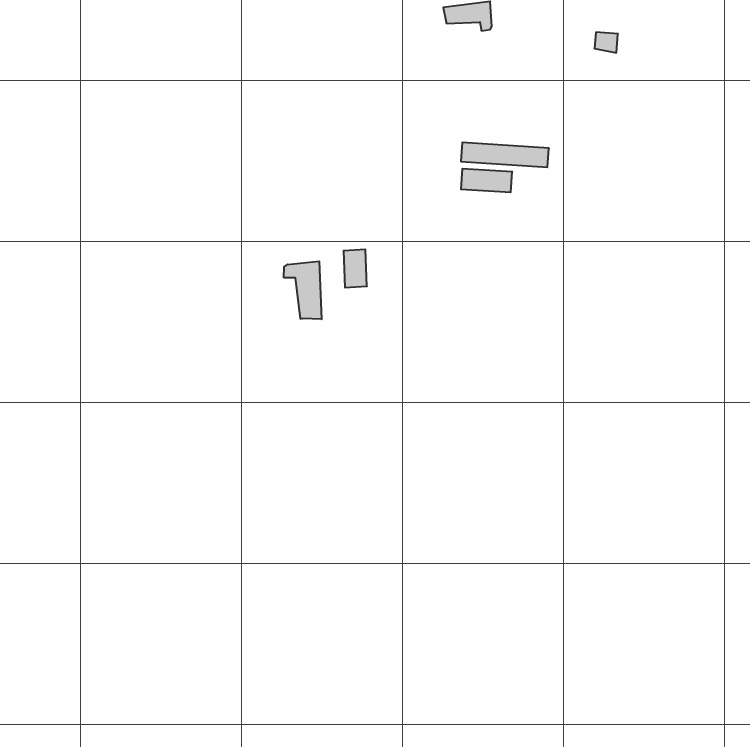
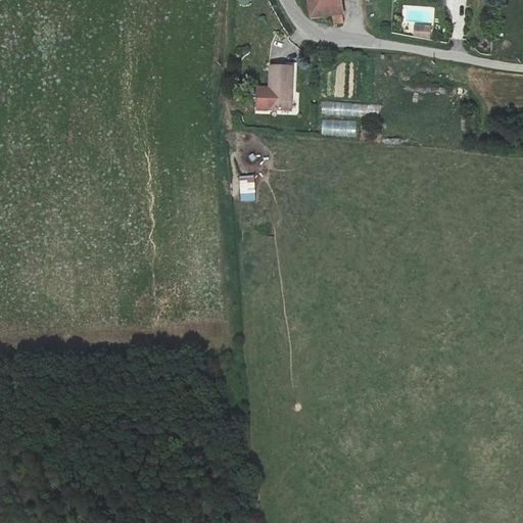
building: none -> [256,63,293,107]
building: [284,261,322,319] -> none

